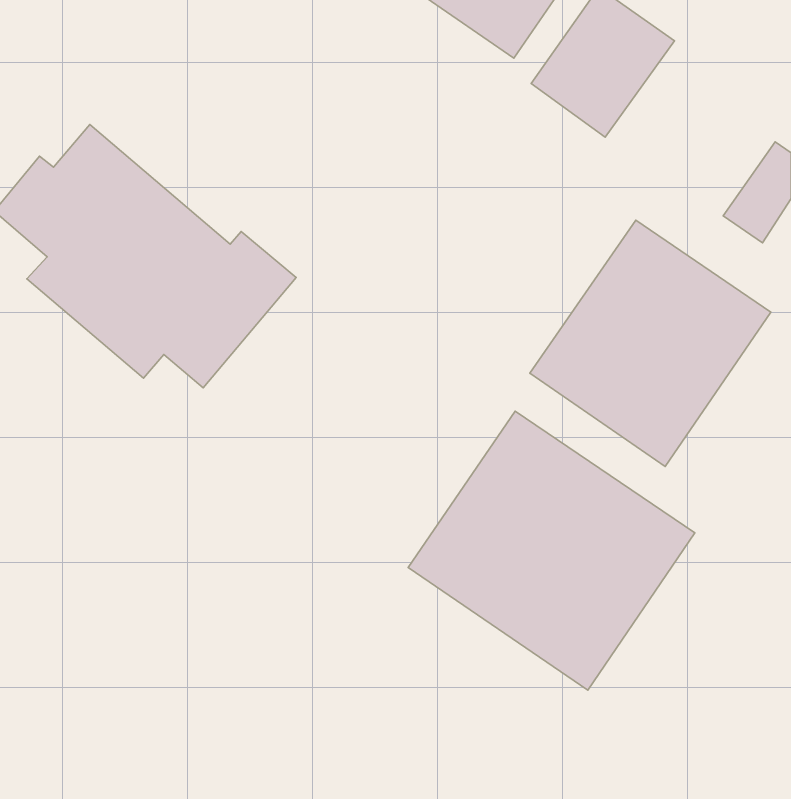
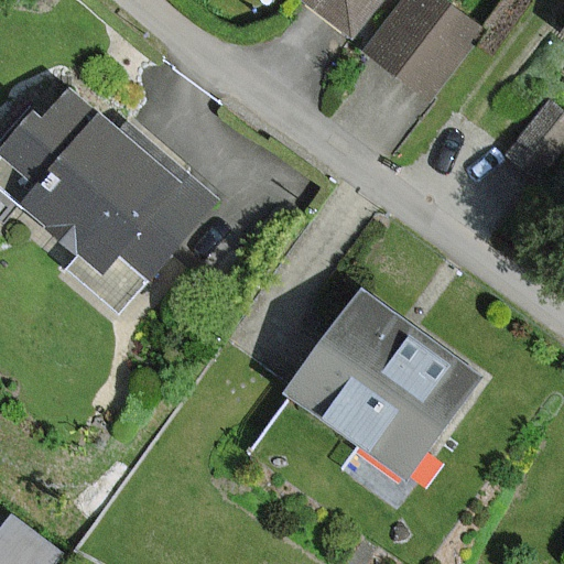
building: [530,220,771,467] -> none

